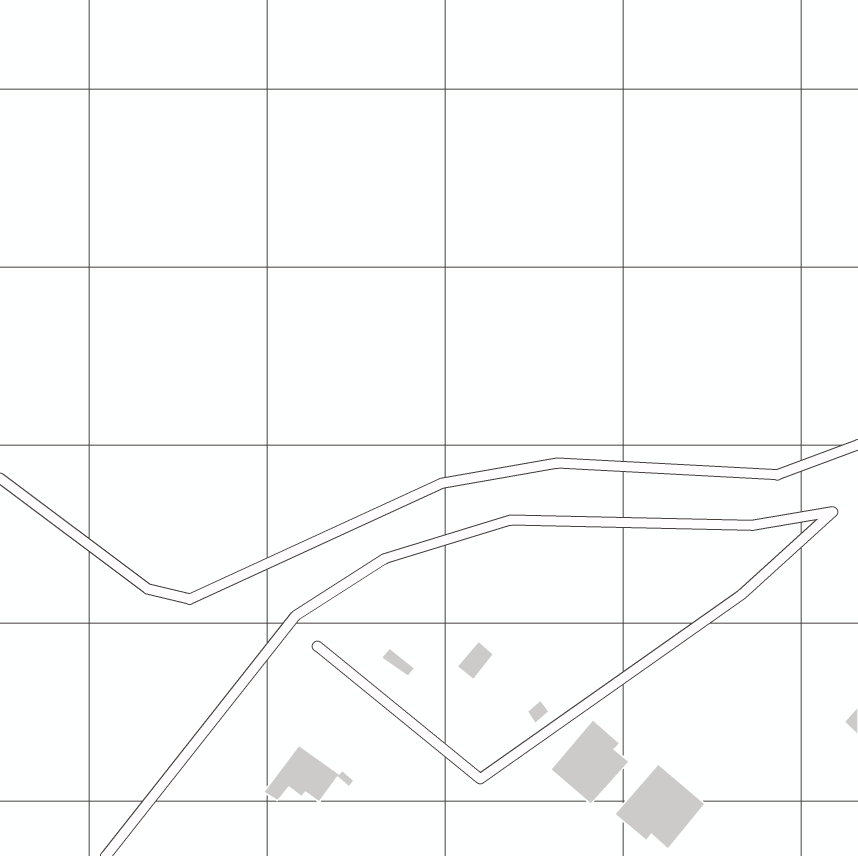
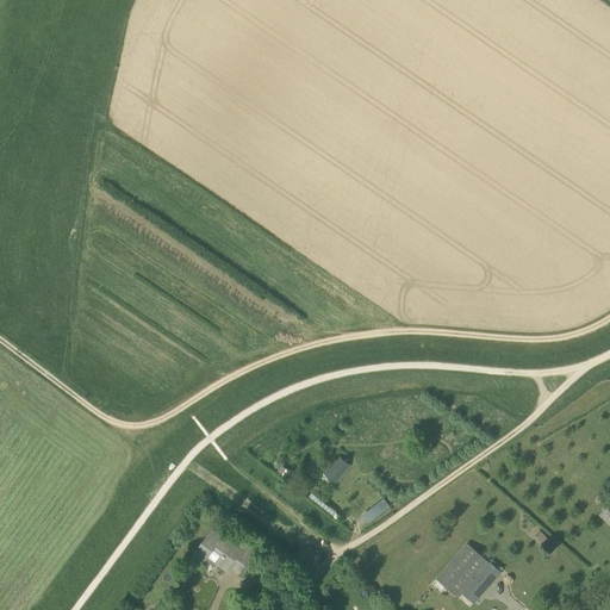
building: [550,720,629,804] -> none

